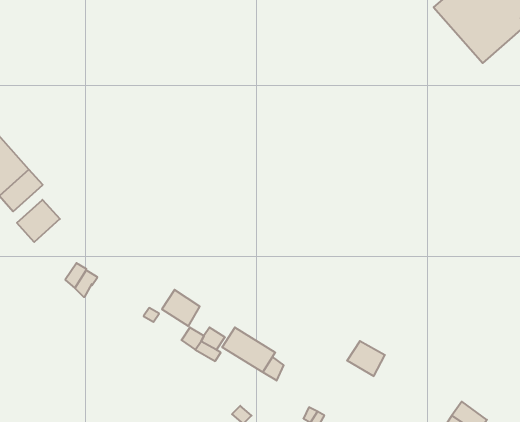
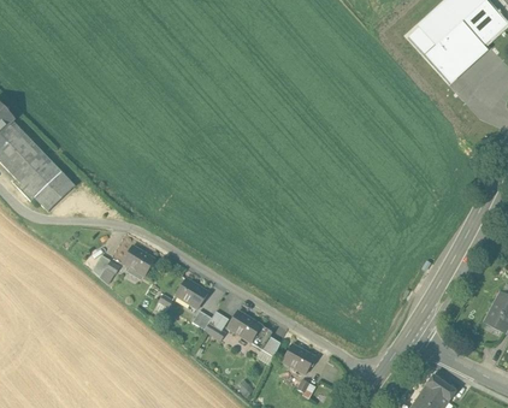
building: [17,200,60,242] -> none
building: none -> [122,246,154,276]
building: [347,341,385,376] -> [280,344,313,374]

